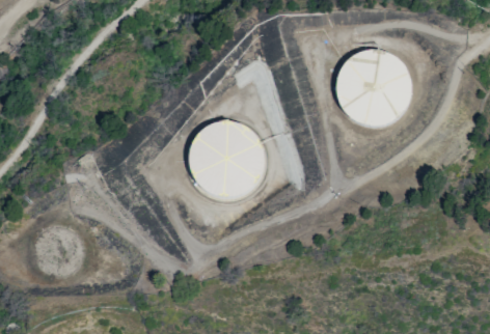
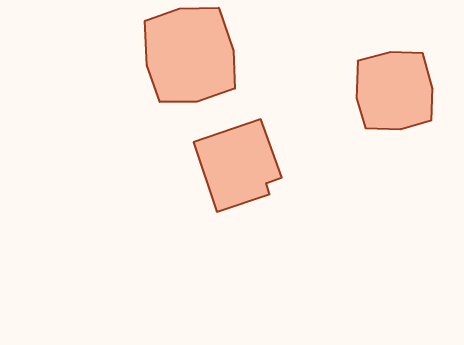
building: none -> [145,8,235,102]

